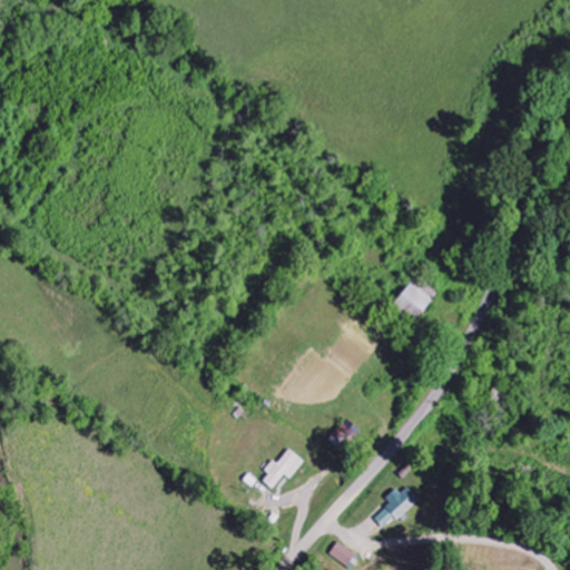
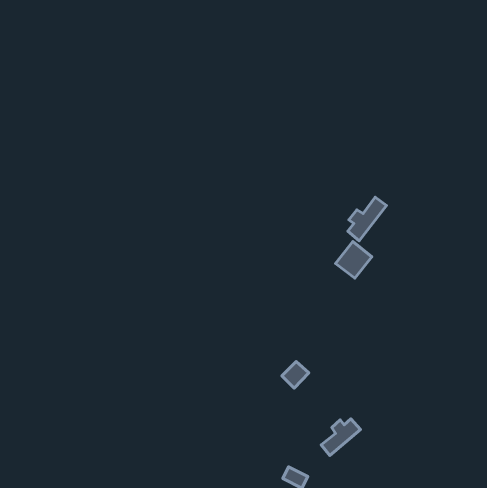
building: none -> [348,197,386,241]
building: [263,448,304,488] -> none

